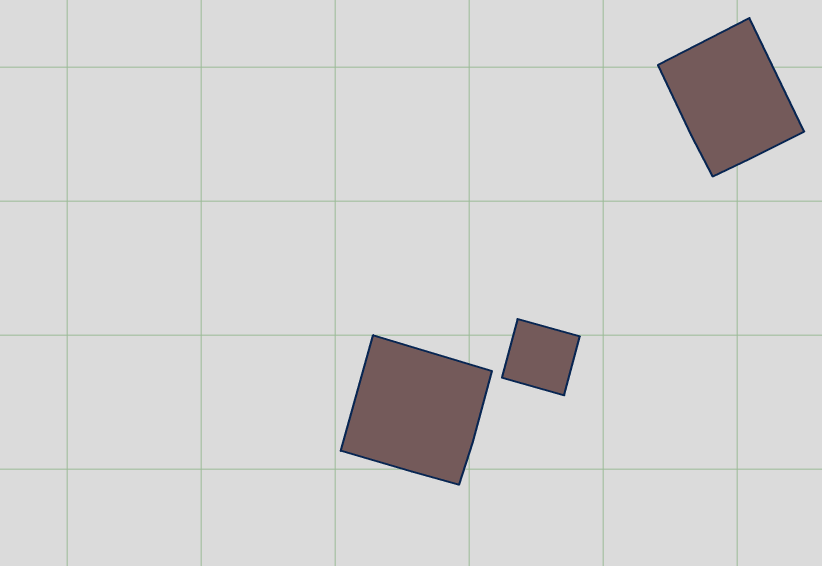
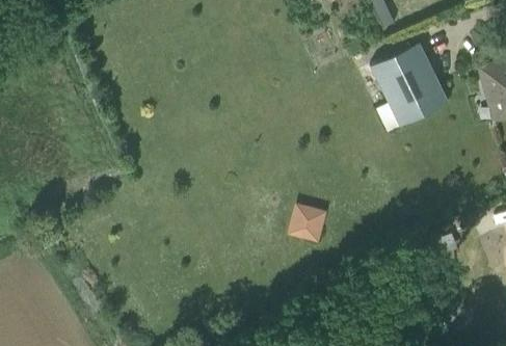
building: [341,335,492,485] -> none

